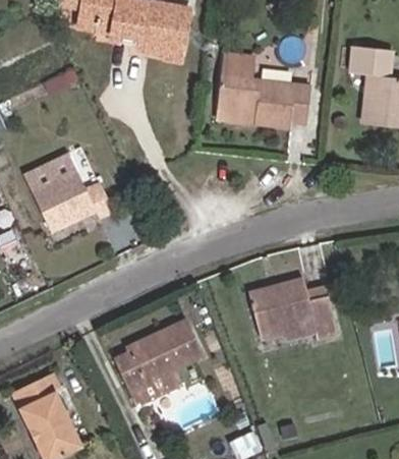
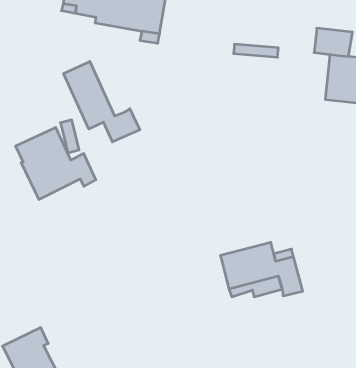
building: [215,55,310,126] -> none
building: none -> [64,61,140,142]
building: [115,320,204,404] -> none

